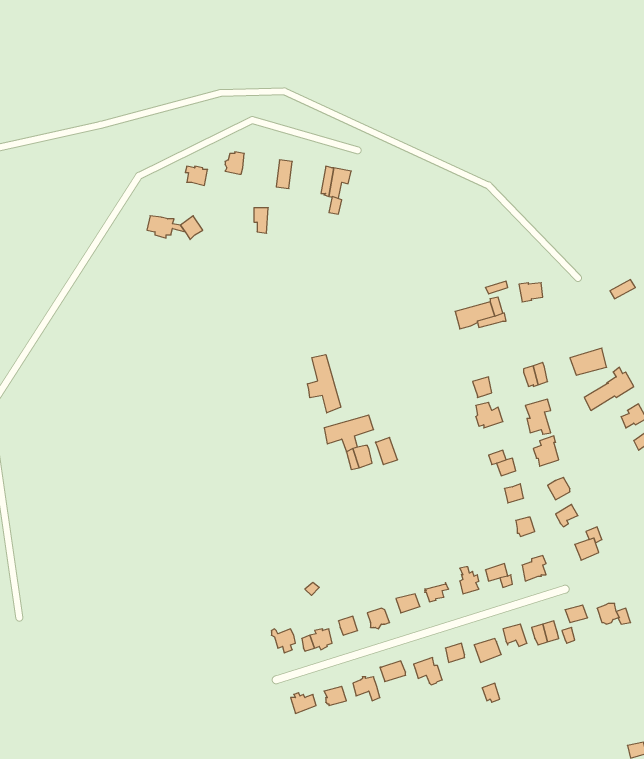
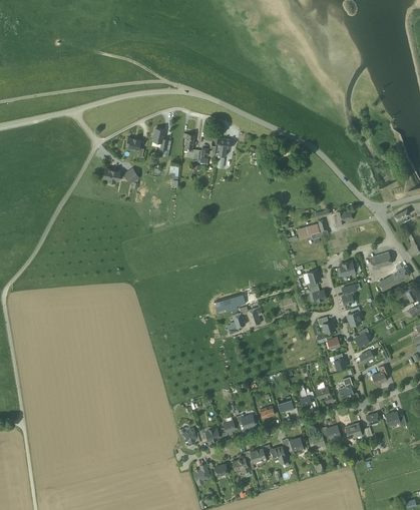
building: [307,355,341,413] -> none

